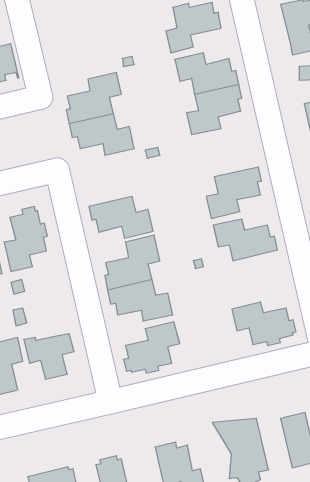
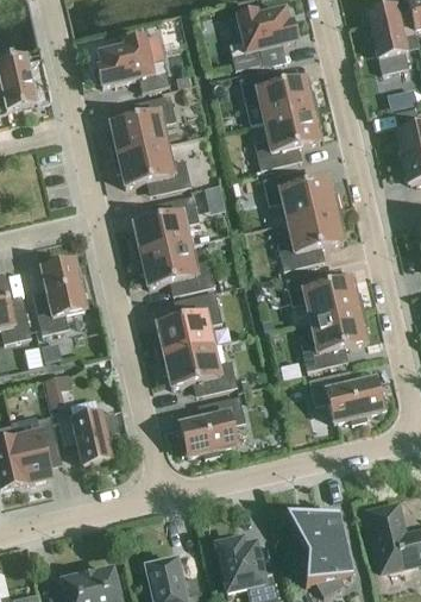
building: none -> [98,36,170,90]
building: none -> [263,169,341,219]
building: none -> [132,194,199,255]
building: none -> [301,307,367,369]

